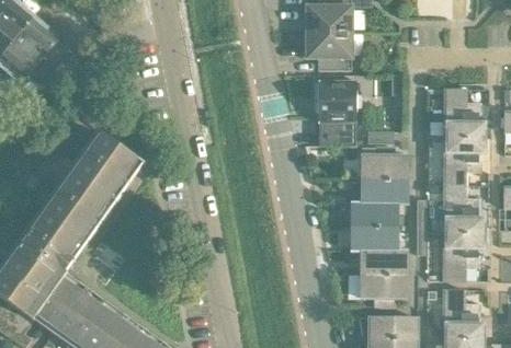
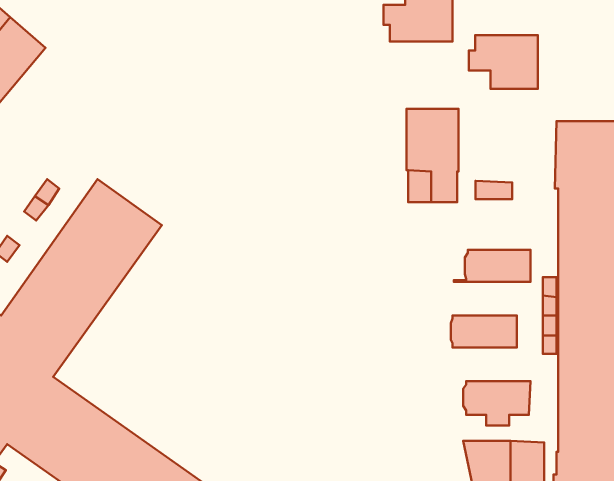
building: [303,33,352,71] -> [469,35,538,89]
building: [361,149,408,182] -> none
building: [351,205,408,229] -> none
building: [352,252,408,276] -> none

